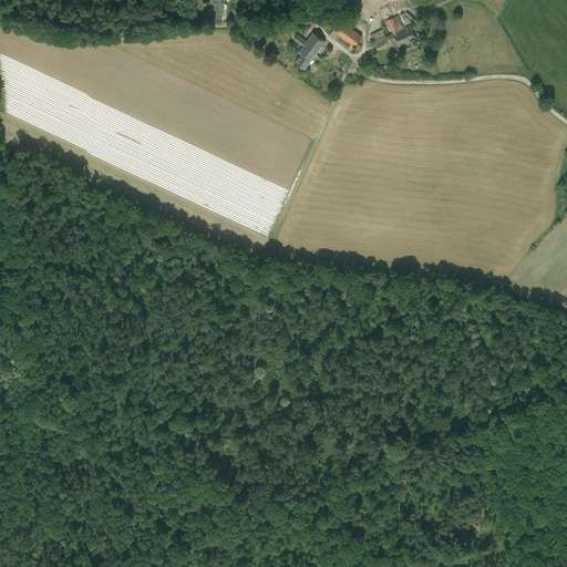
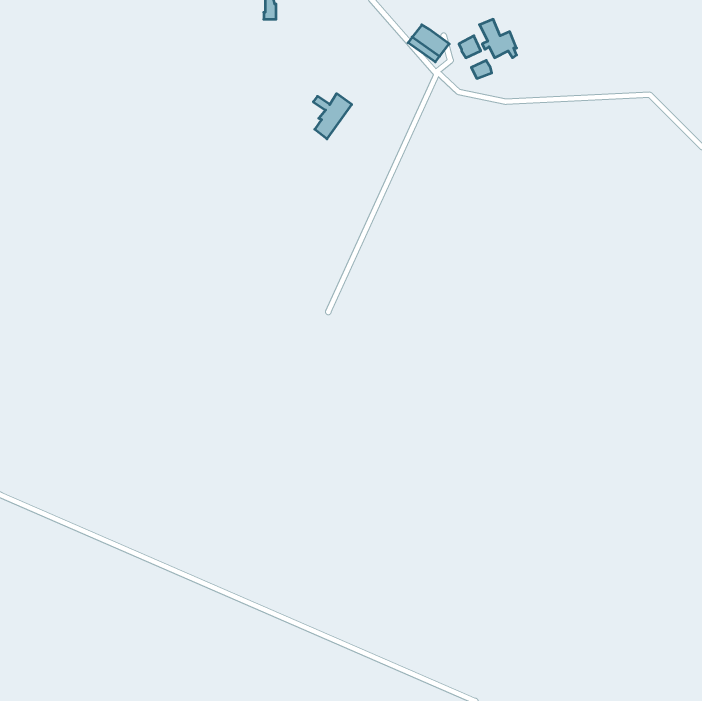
building: [293,32,324,69] -> [313,94,352,139]

